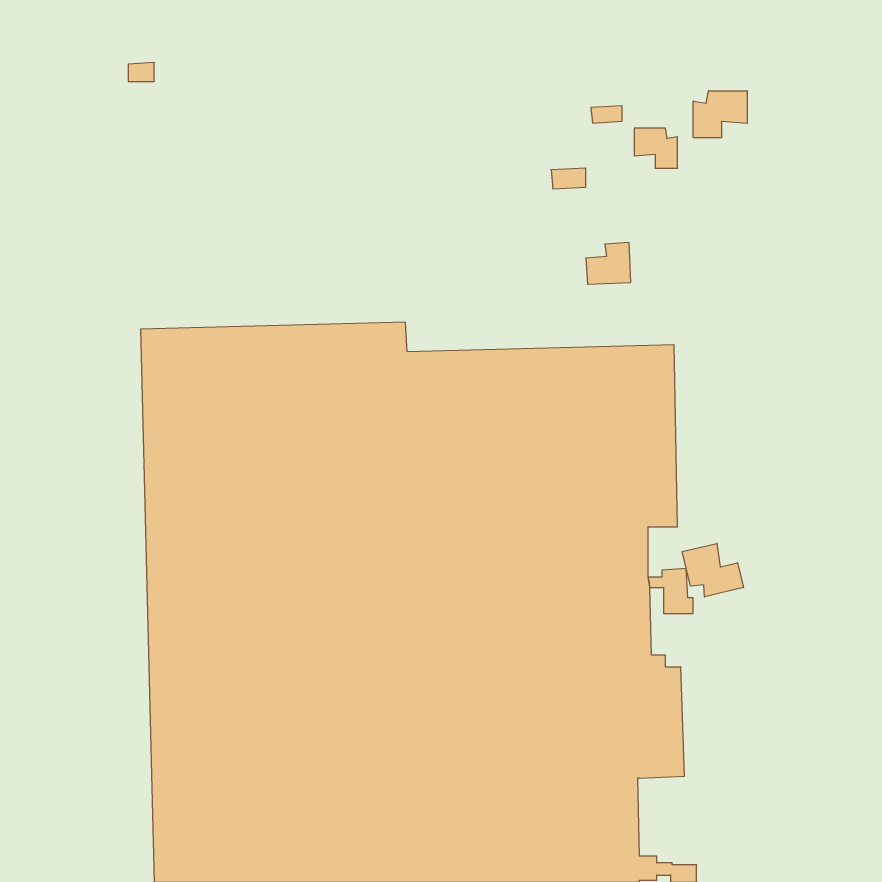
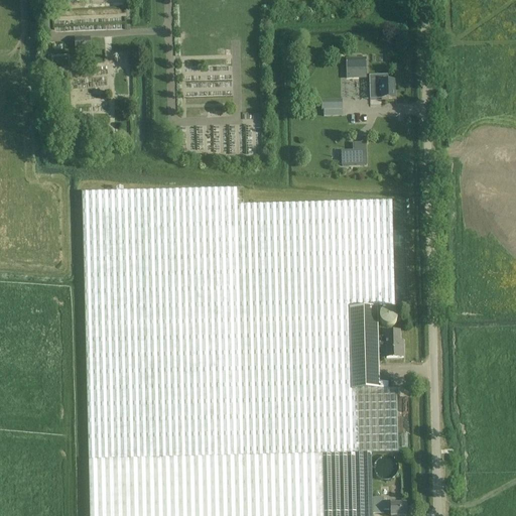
building: [693,91,747,138] -> none
building: [682,543,743,597] -> none

